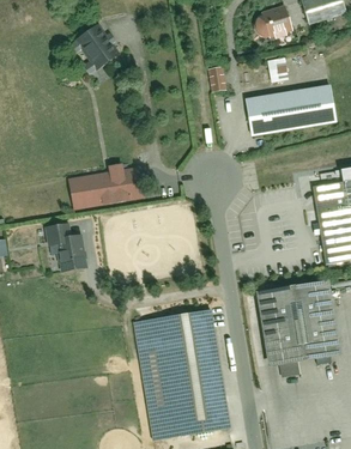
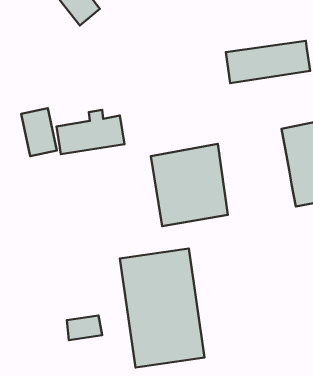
building: [46,218,84,269] -> [21,108,57,156]
building: [252,277,334,365] -> [151,144,228,226]
building: none -> [67,316,102,340]

